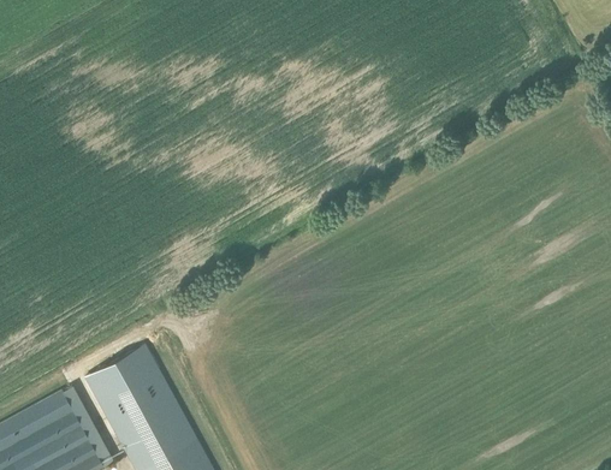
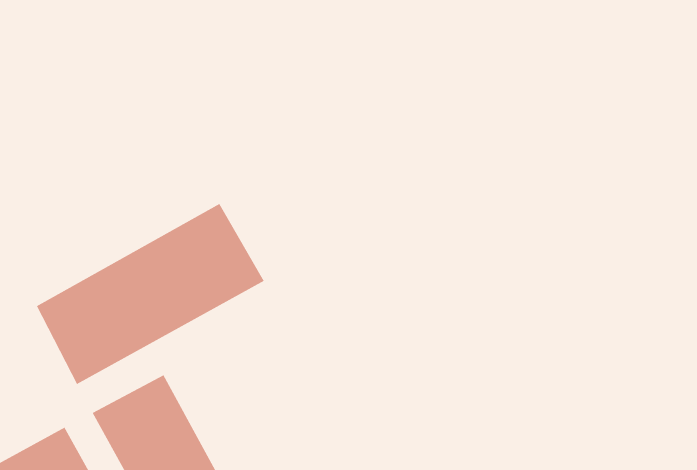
building: none -> [36,203,265,385]

